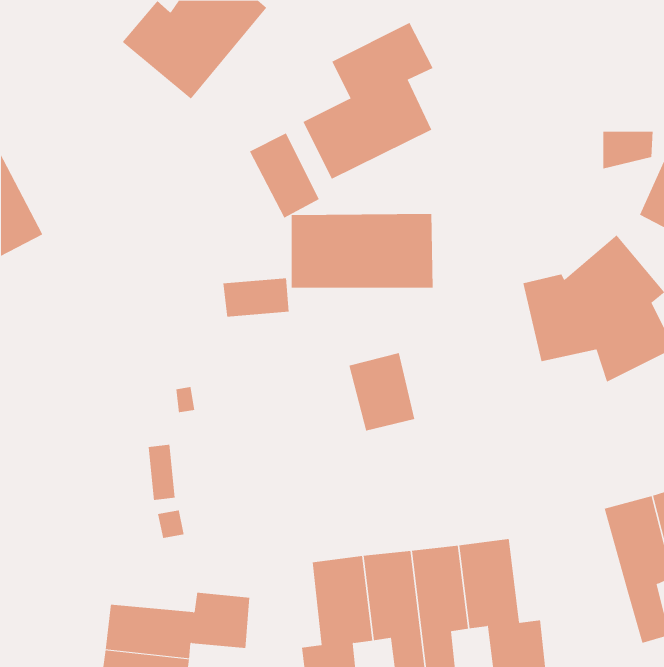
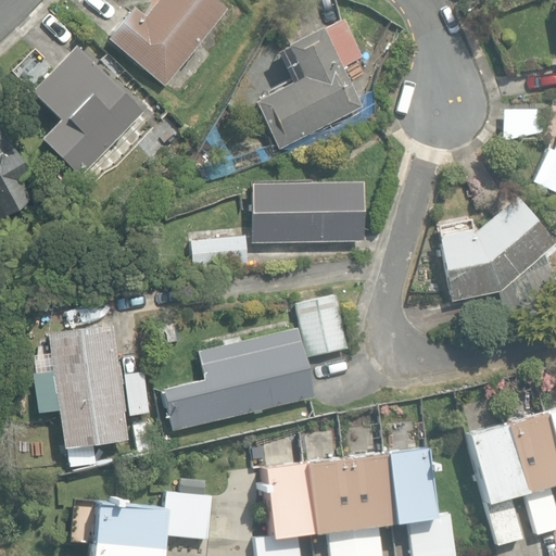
building: none -> [31,45,144,176]
building: [249,133,319,218] -> none
building: none -> [46,317,128,445]
building: none -> [159,325,312,429]
building: none -> [466,424,525,546]

